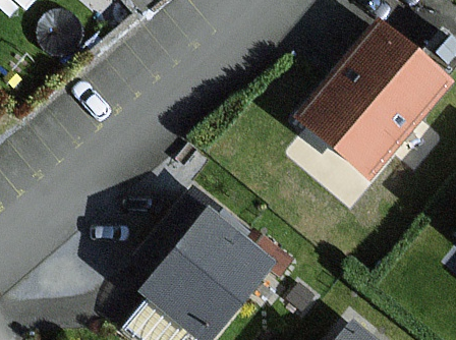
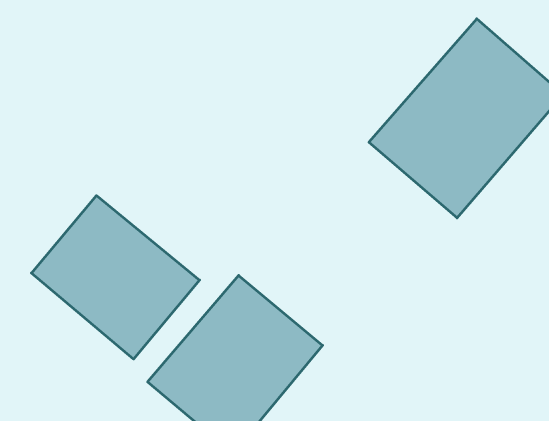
building: none -> [31,196,200,359]

